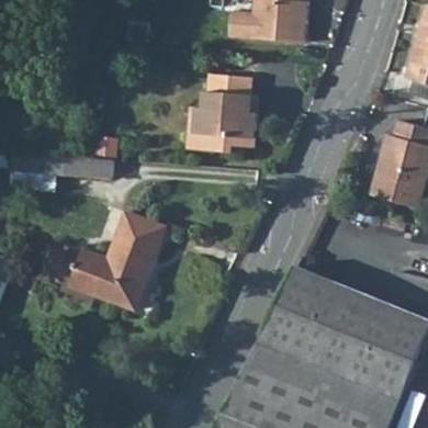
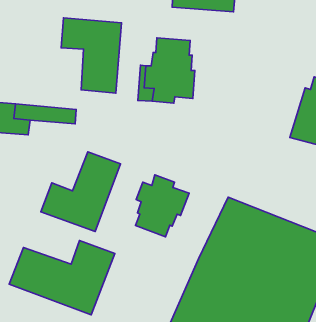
building: none -> [61,18,122,93]
building: none -> [135,175,189,237]
building: none -> [9,240,115,315]

